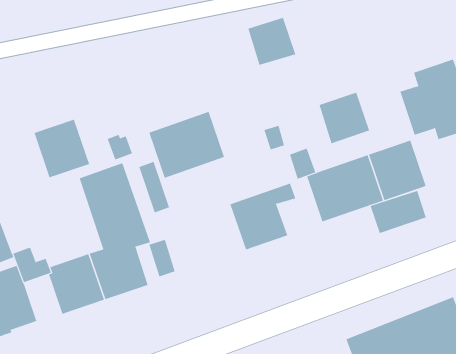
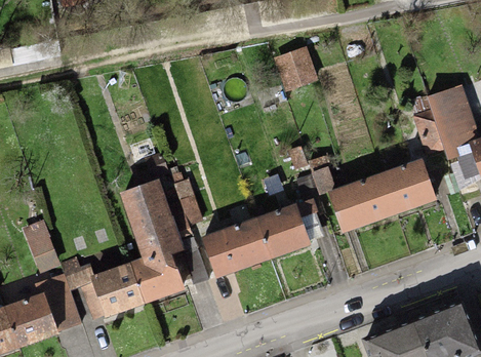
building: [319,92,370,144] -> none
building: [148,111,225,179] -> [202,217,272,279]
building: [34,119,90,178] -> none
building: [370,190,427,234] -> none

